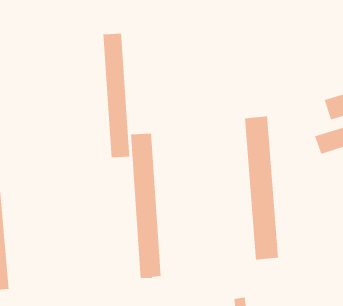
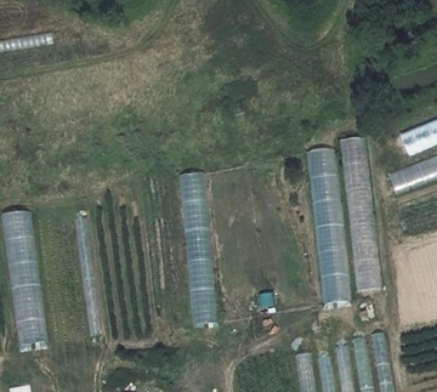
building: [103,33,130,158] -> none
building: none -> [341,130,378,289]

